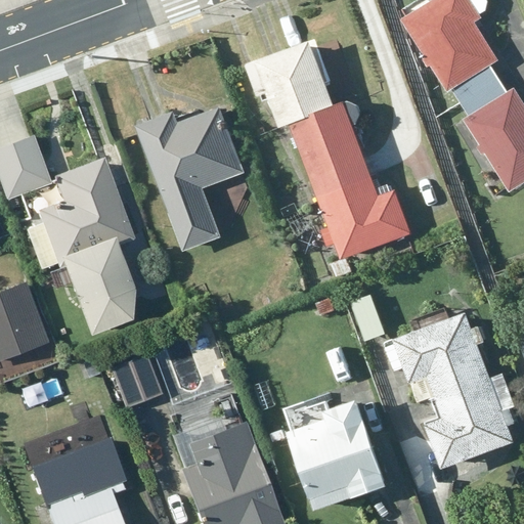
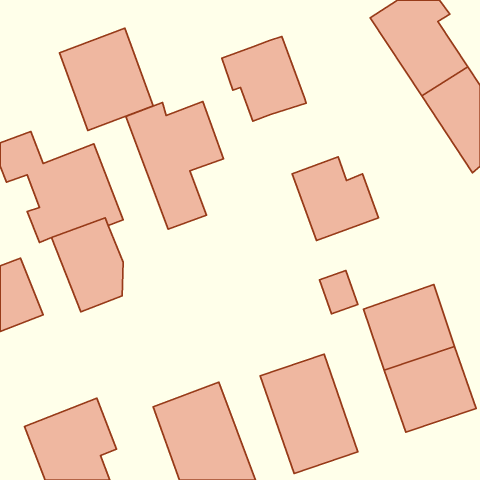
building: none -> [59,28,153,131]
building: [295,102,368,189] -> none
building: [110,351,161,406] -> none

